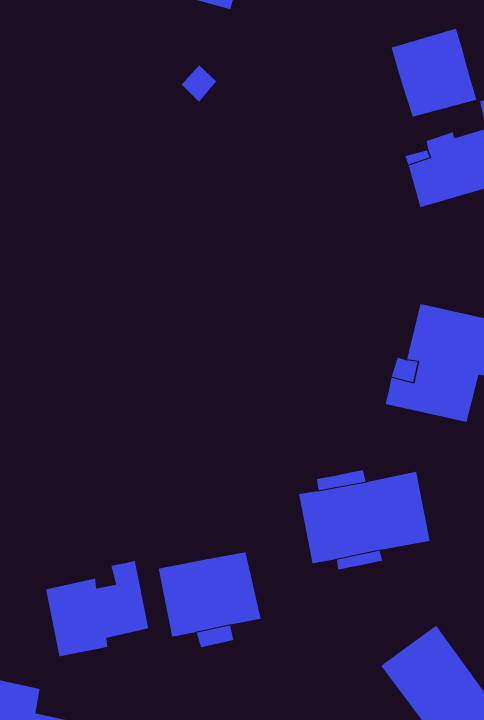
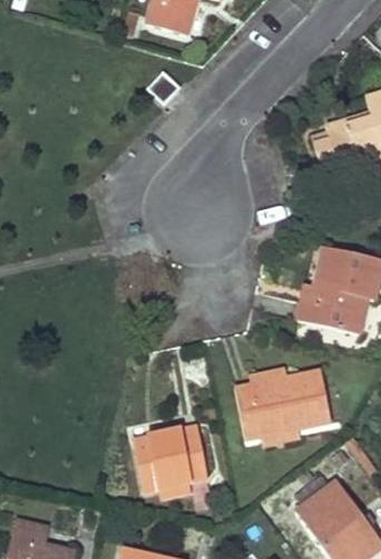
building: [391,28,477,118] -> none
building: [45,560,149,657] -> none

